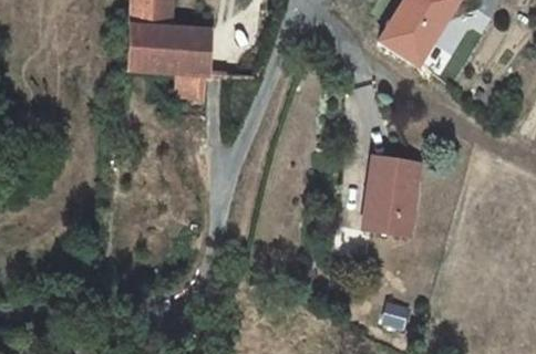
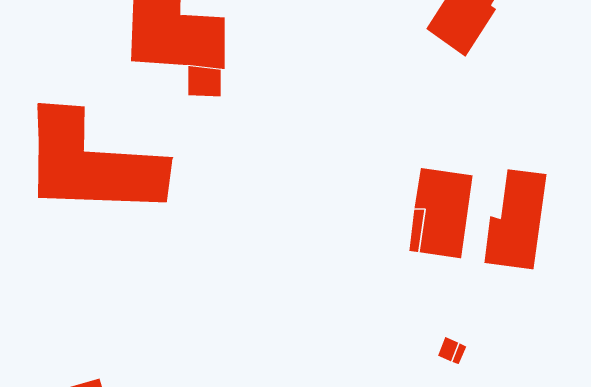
building: none -> [37,102,174,203]
building: none -> [484,169,547,270]

